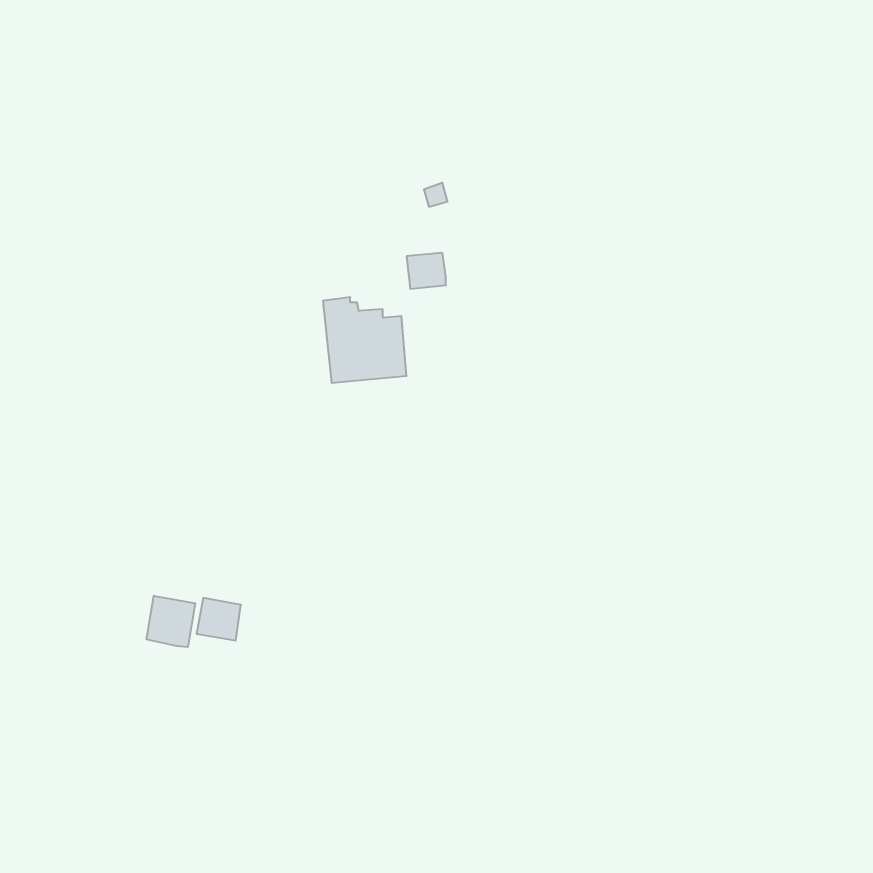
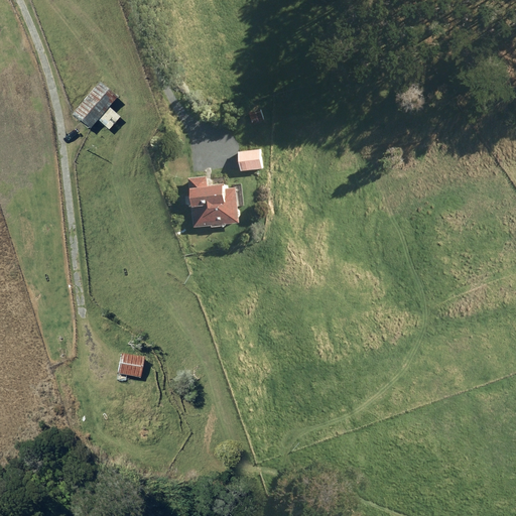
building: none -> [70,83,118,130]
building: [146,596,195,647] -> none

